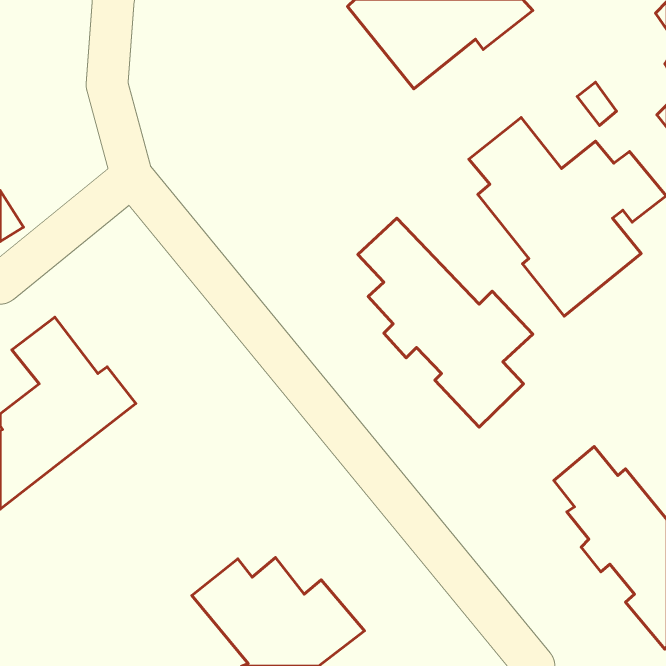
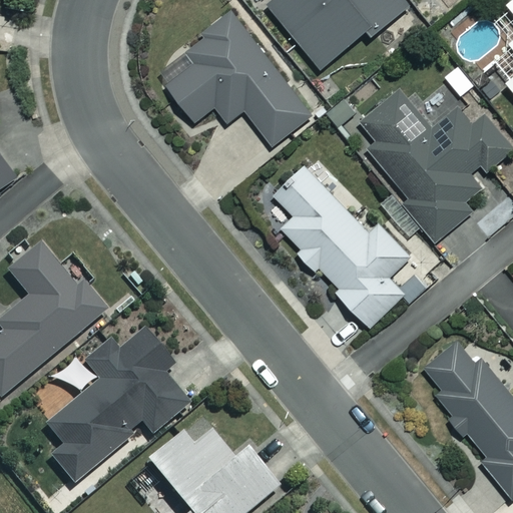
building: none -> [161,13,312,145]
building: none -> [47,328,189,481]

